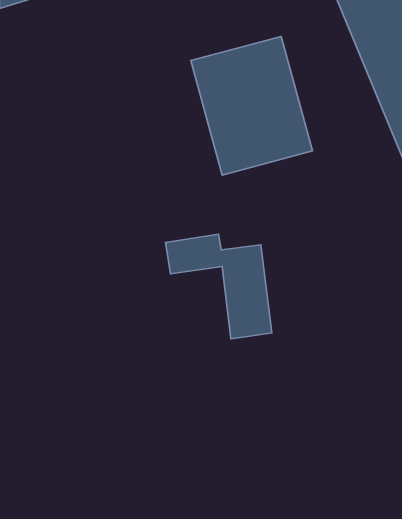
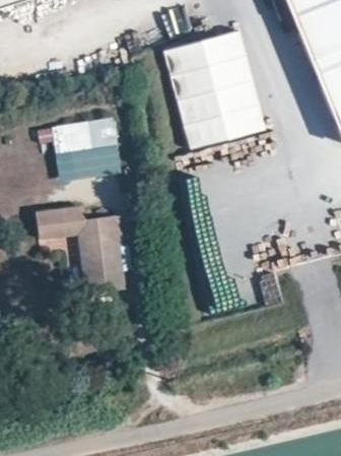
building: none -> [50,114,123,181]
building: [166,234,272,339] -> [31,203,121,291]

